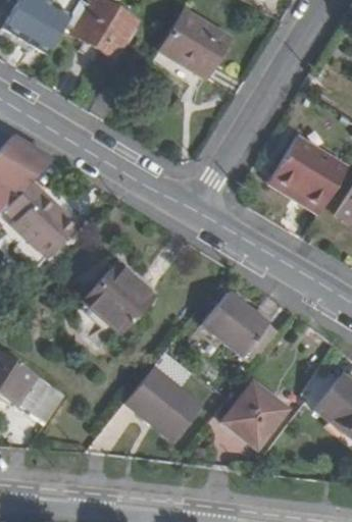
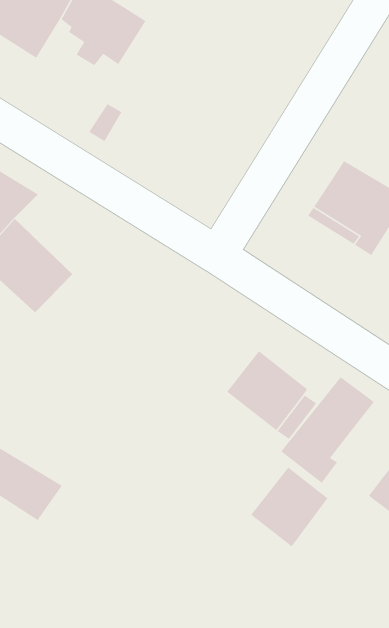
building: [158,12,231,82] -> none
building: [84,264,154,333] -> none
building: none -> [280,376,375,484]
building: [127,364,202,437] -> none

